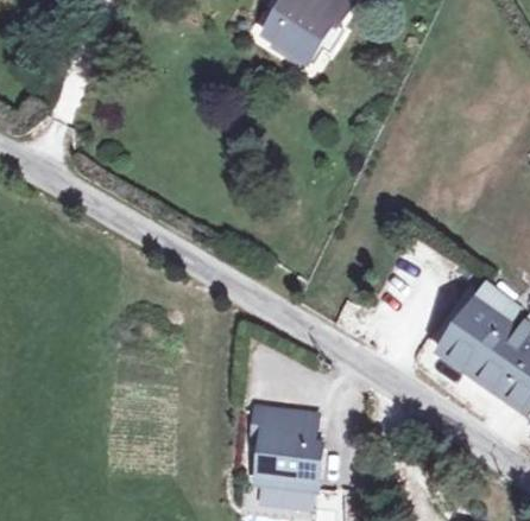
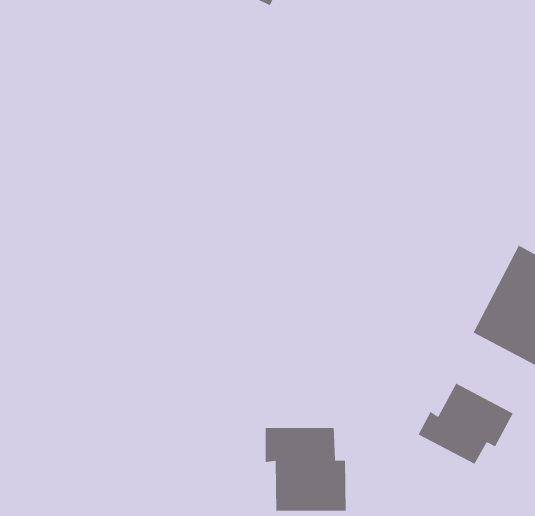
building: none -> [418,383,514,465]

